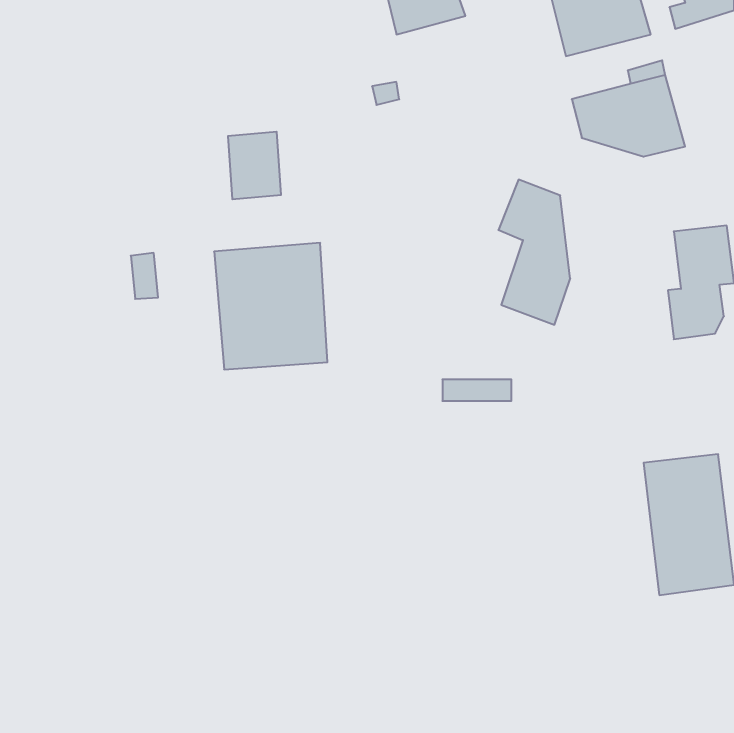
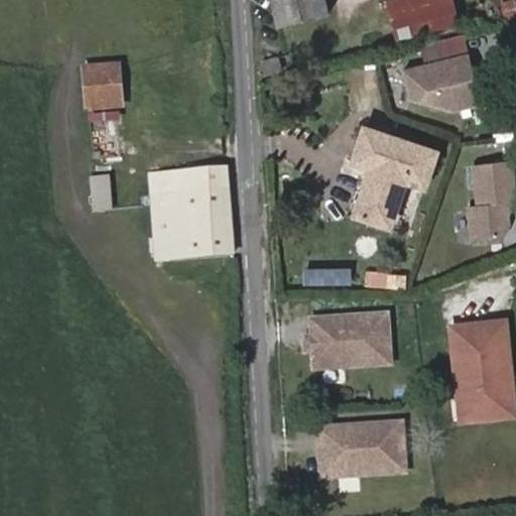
building: [228,132,281,199] -> [84,64,121,112]
building: none -> [393,137,434,196]
building: none -> [311,315,390,368]
building: none -> [318,417,405,473]

